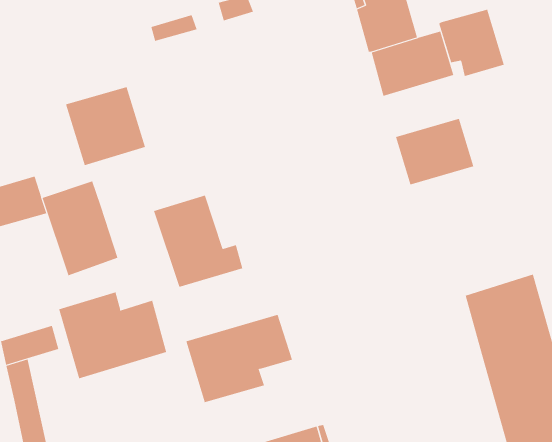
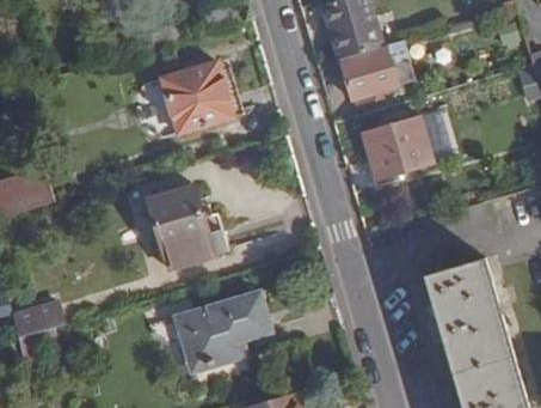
building: [438,9,505,77] -> none
building: [65,87,146,166] -> [161,62,233,133]
building: [42,181,118,276] -> none
building: [58,291,167,379] -> none

